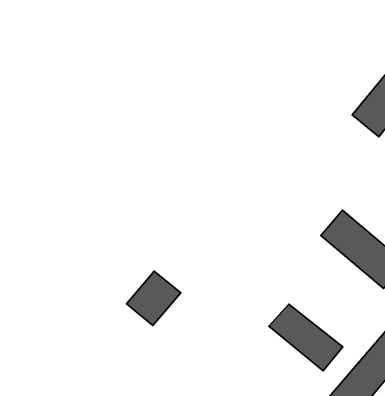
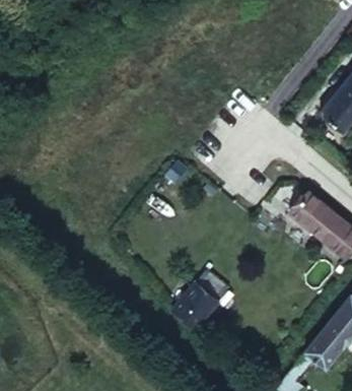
building: [126,271,181,325] -> [172,285,218,331]
building: [269,304,343,371] -> none

